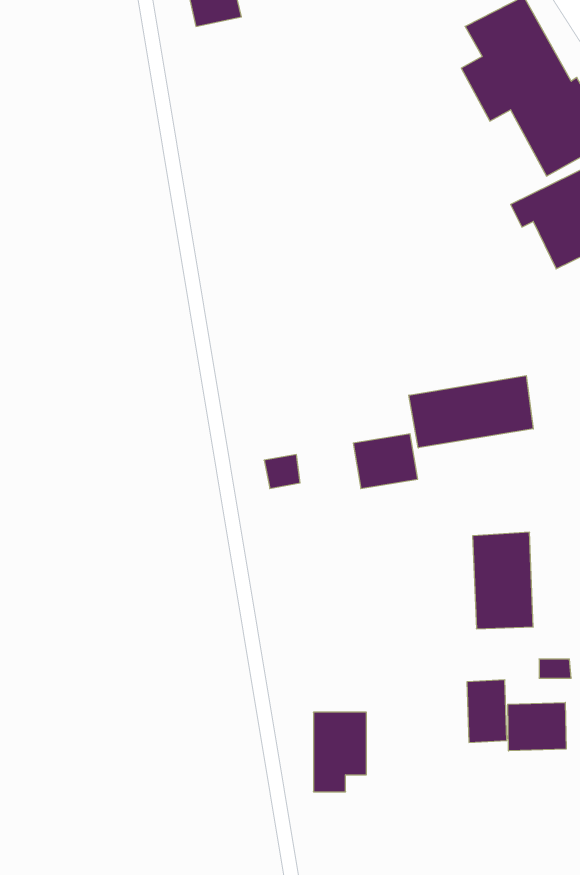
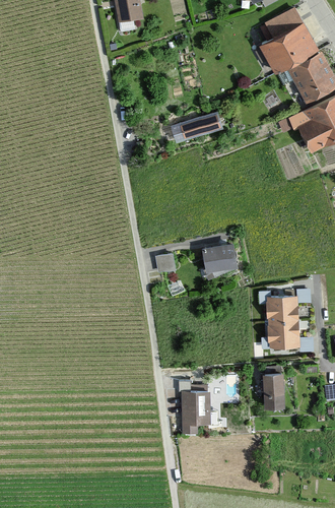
building: none -> [180,114,223,139]
building: [409,376,533,448] -> none
building: [508,702,566,751] -> none

